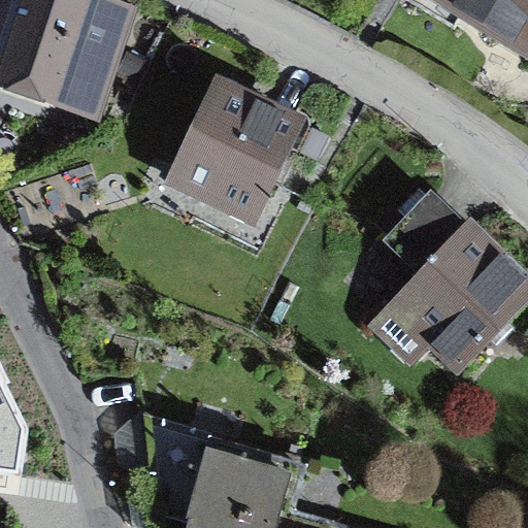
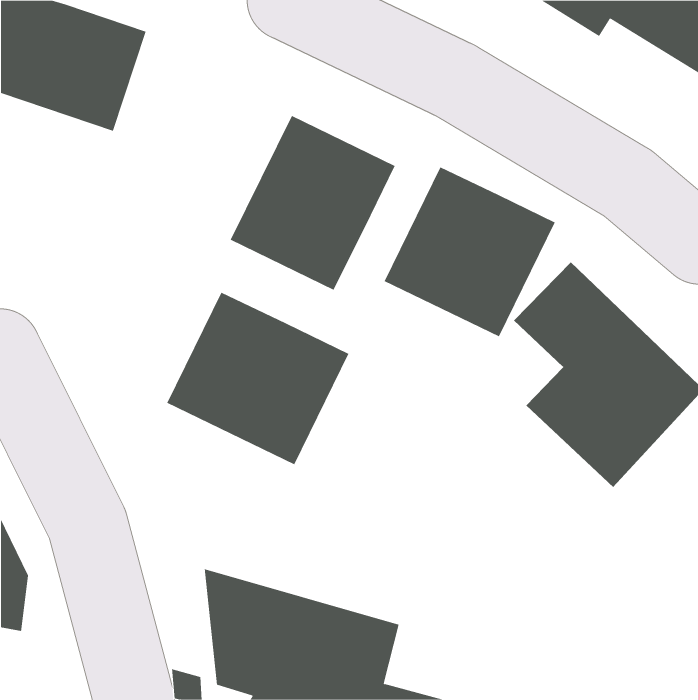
building: none -> [384,167,556,337]
building: none -> [166,292,349,465]

